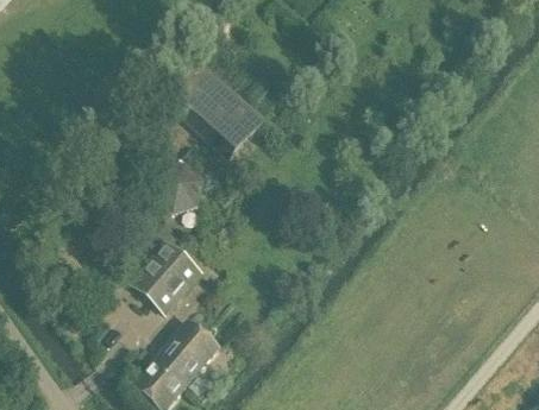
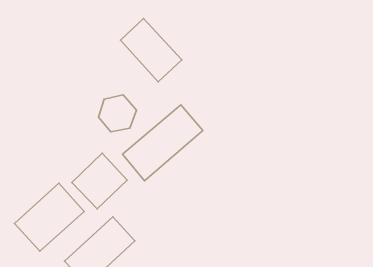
building: none -> [123,105,203,181]
building: none -> [15,183,84,251]

